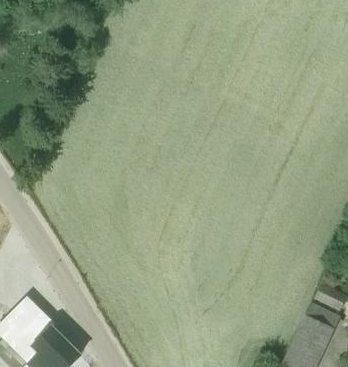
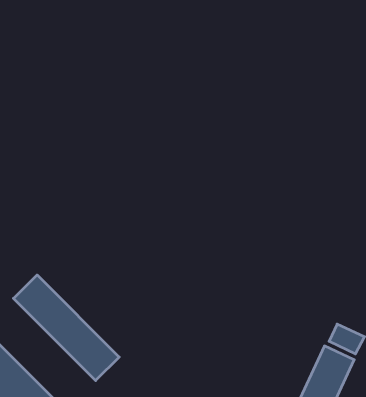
building: none -> [13,275,119,381]

